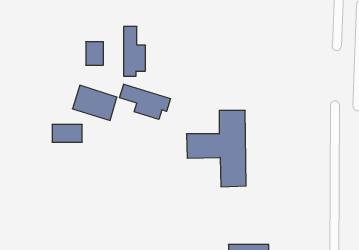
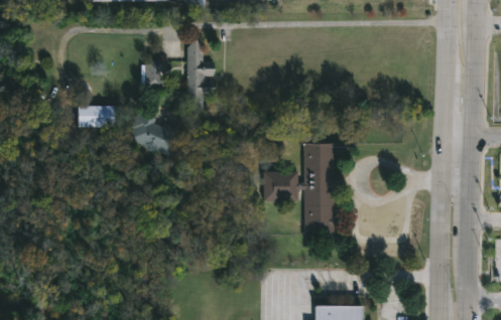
building: [119,84,171,119] -> none
building: [52,125,82,142] -> [78,107,114,128]

